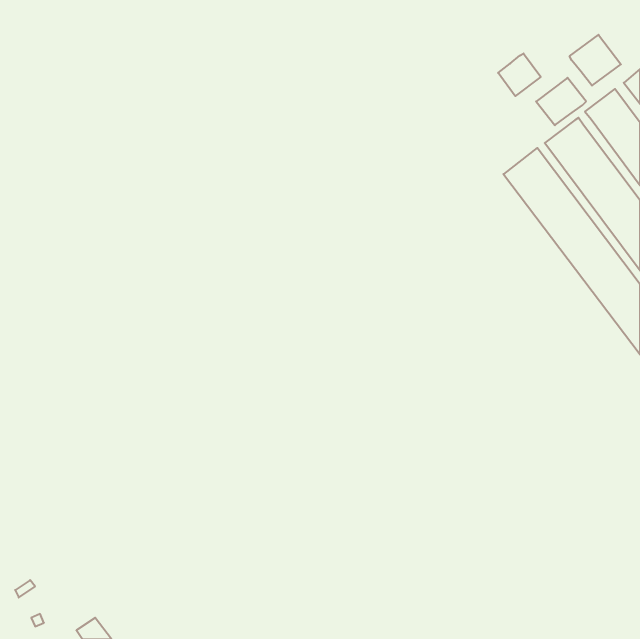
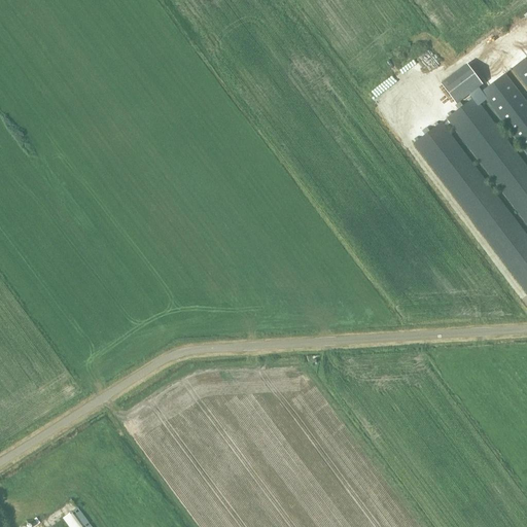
building: [570,35,621,86] -> none
building: [498,53,541,96] -> none

